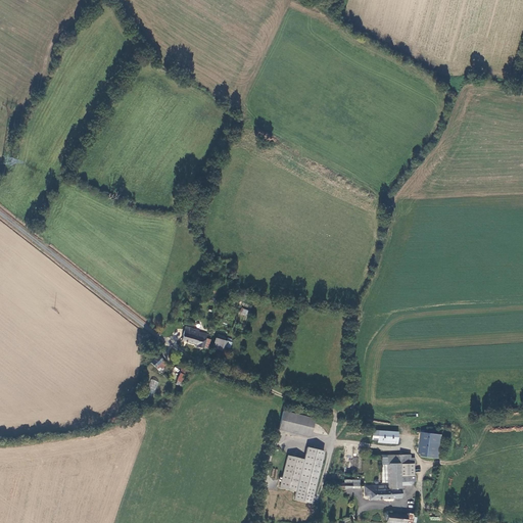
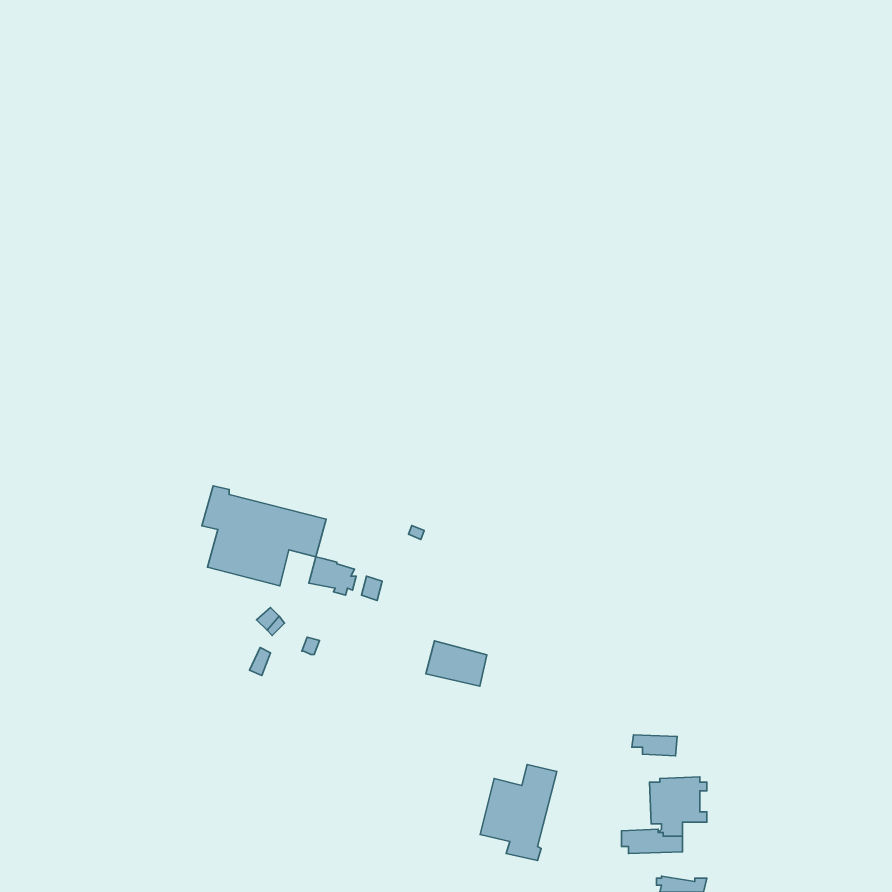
building: none -> [202,486,326,586]
building: [280,411,316,437] -> [426,641,487,686]
building: [418,432,441,456] -> none

